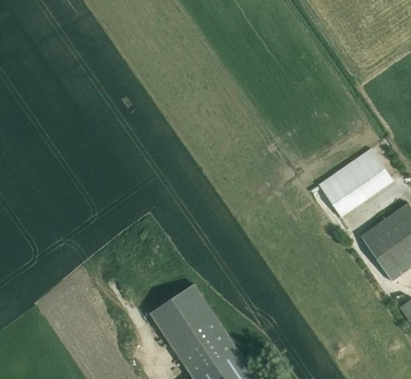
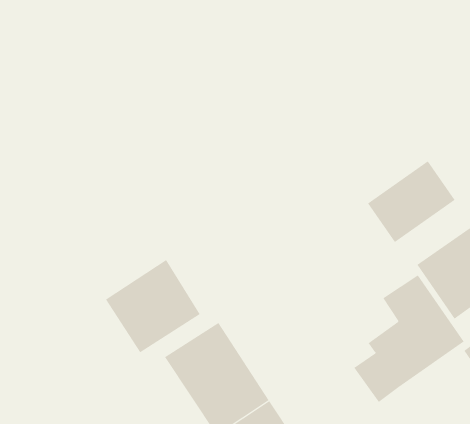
building: none -> [105,259,201,353]
building: none -> [354,274,465,403]

